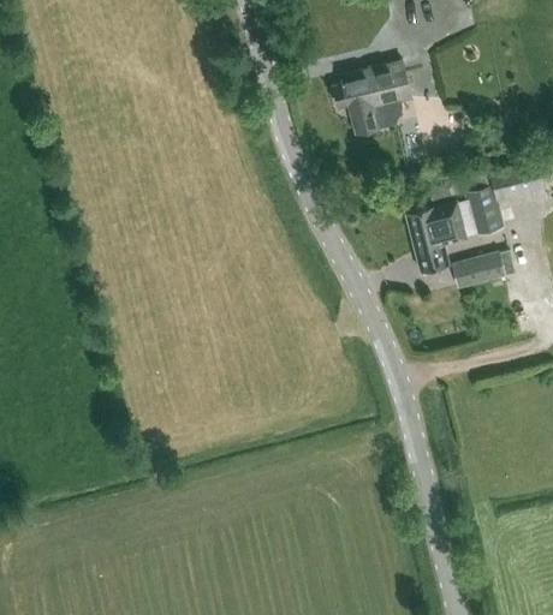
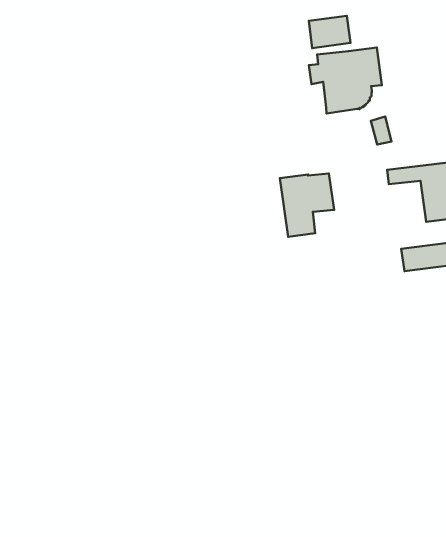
building: none -> [309,16,350,48]
building: [405,201,465,271] -> [280,173,334,237]

